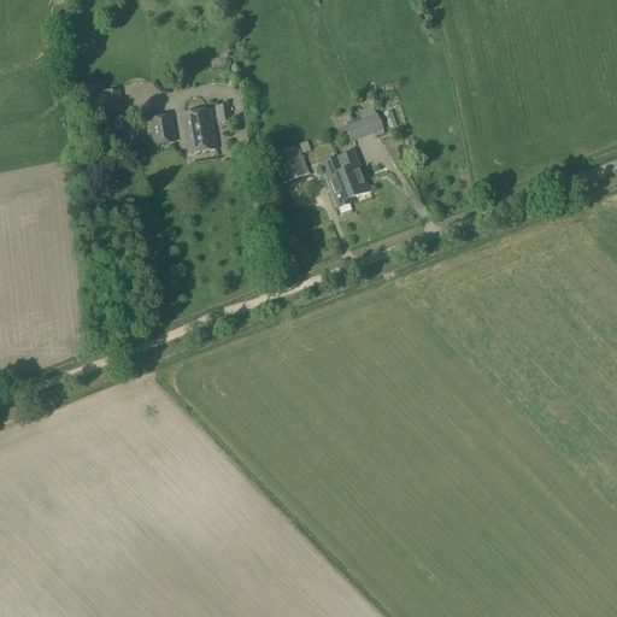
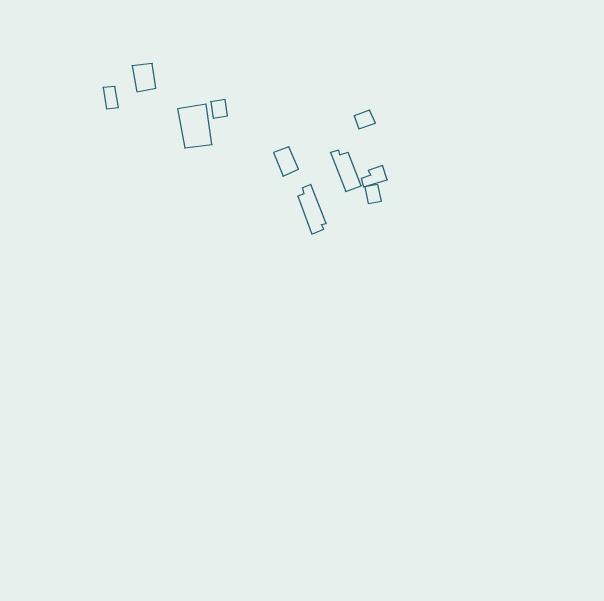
building: [151,113,175,142] -> [132,63,156,92]
building: [324,155,353,206] -> [298,184,326,234]

